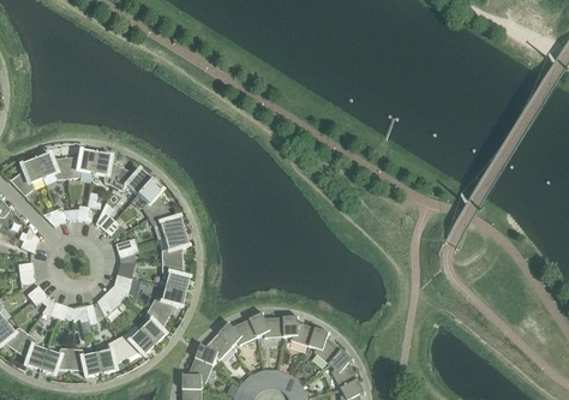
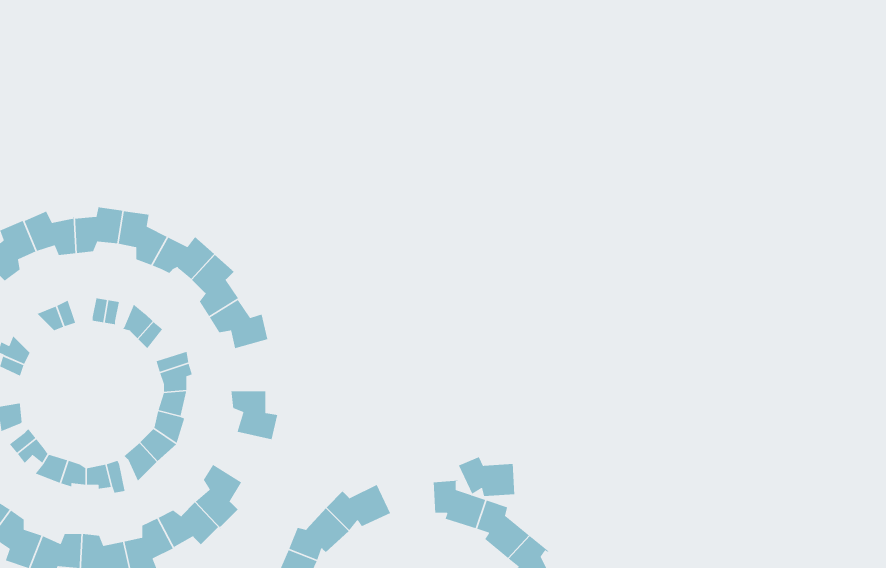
building: [161,229,188,261] -> none
building: [150,286,186,317] -> none
building: [250,311,285,336] -> [458,455,515,497]

